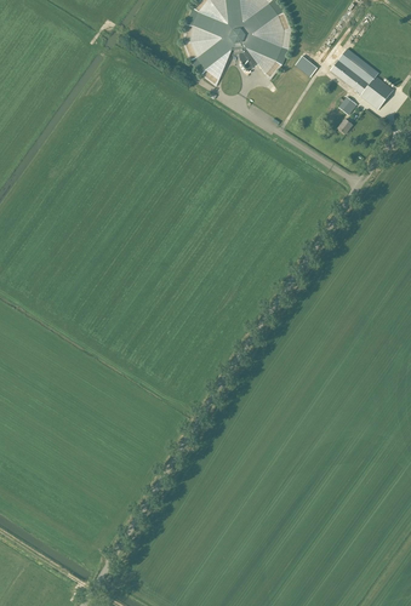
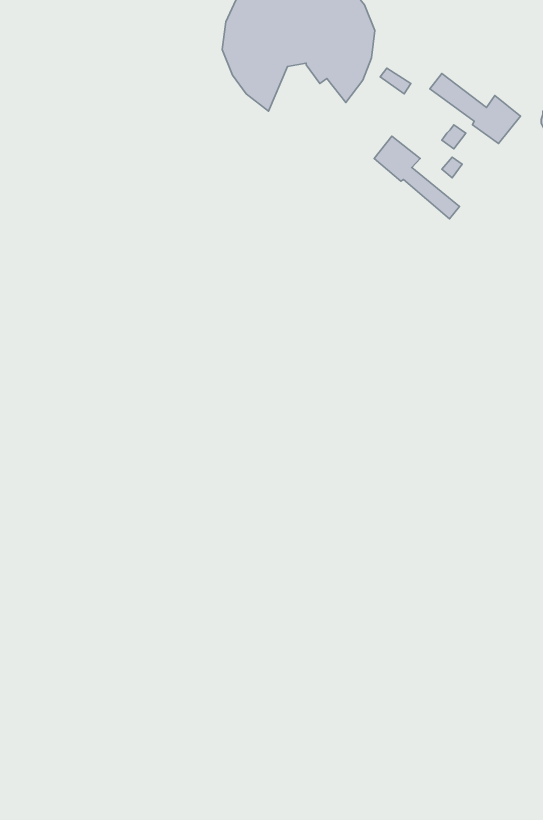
building: none -> [374,136,460,219]

